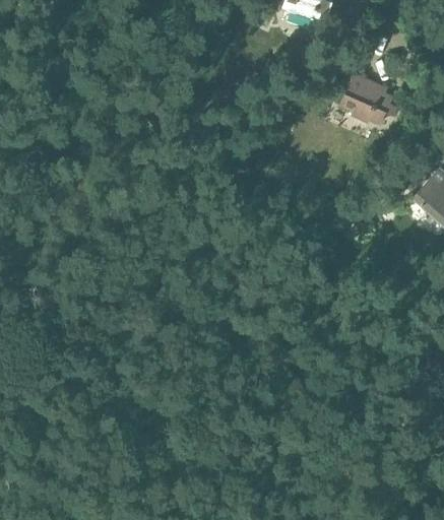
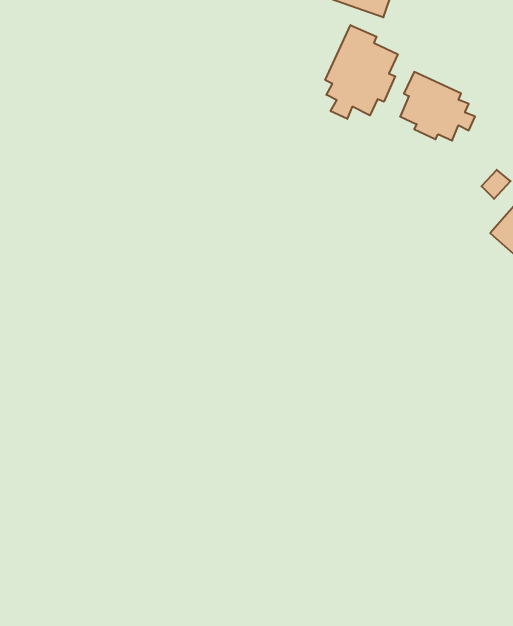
building: none -> [325,25,398,119]

